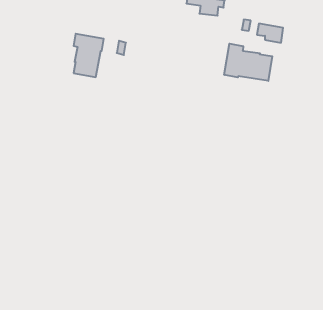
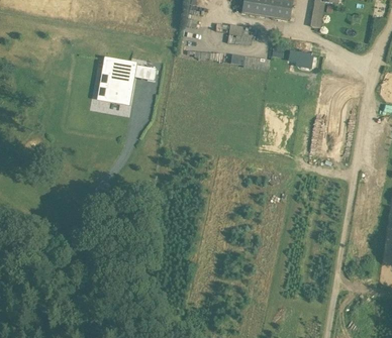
building: [224,44,272,81] -> none

